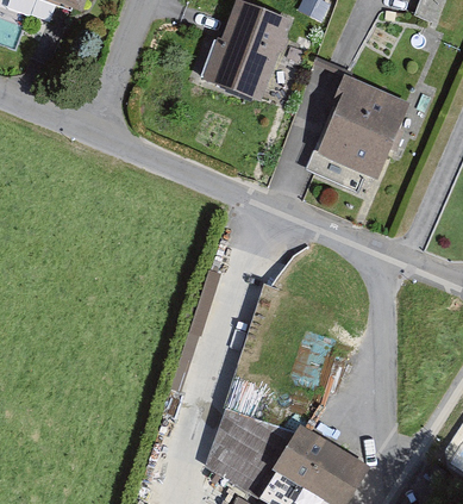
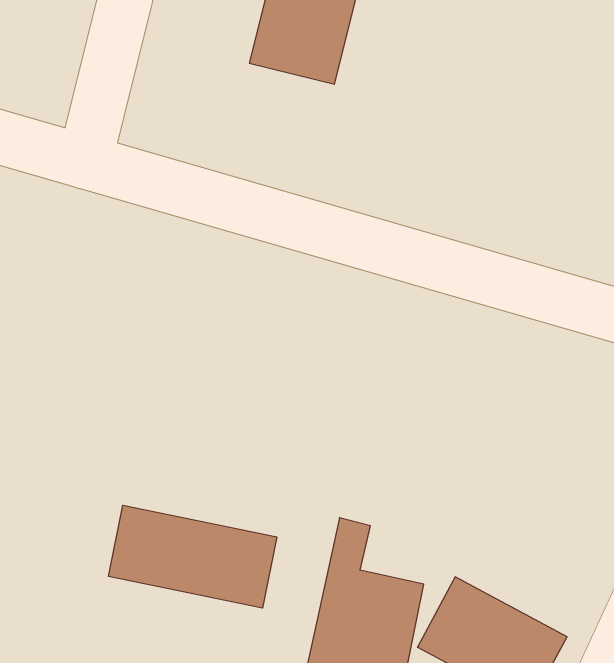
building: [314,73,407,175] -> none
building: none -> [109,505,277,608]

